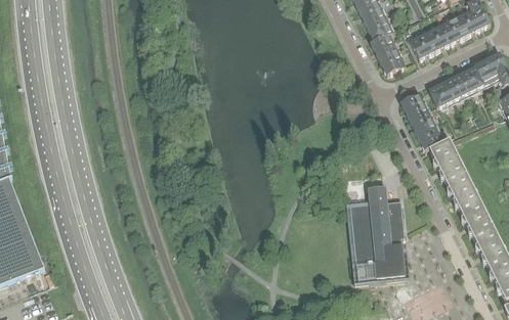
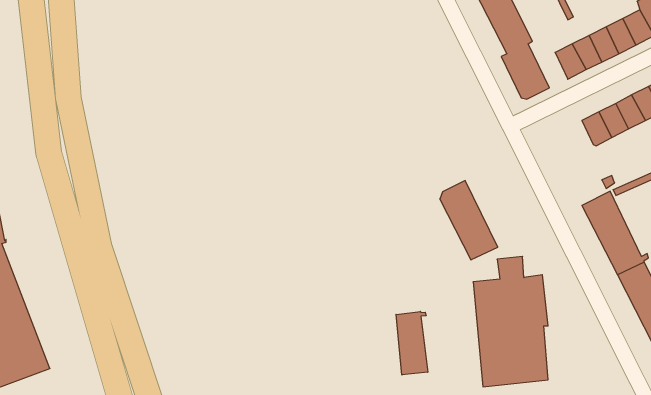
building: [400,93,442,150] -> [440,181,498,260]
building: none -> [396,311,428,375]

